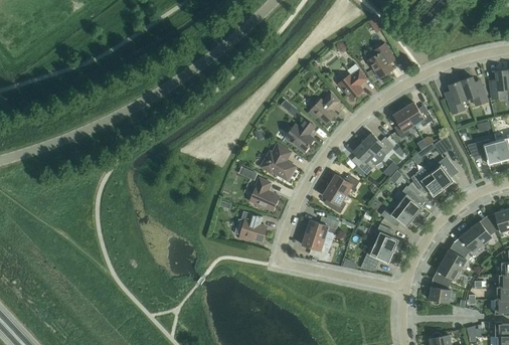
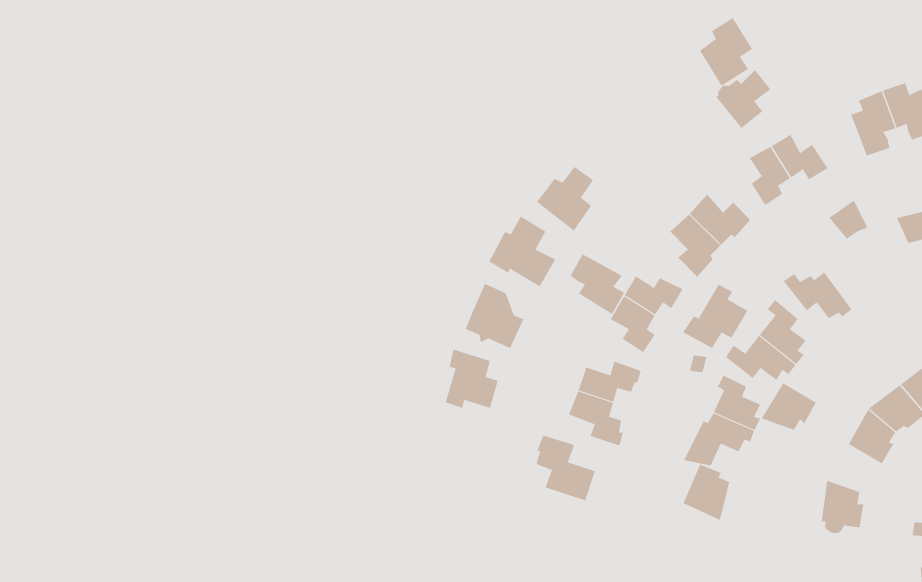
building: [338,69,366,100] -> [715,69,771,129]
building: [307,93,339,125] -> none
building: [431,158,453,191] -> none
building: none -> [570,254,625,315]
building: none -> [682,284,748,349]
building: none -> [536,435,596,501]
building: [432,260,460,284] -> [761,383,817,430]
building: none -> [683,464,730,521]

